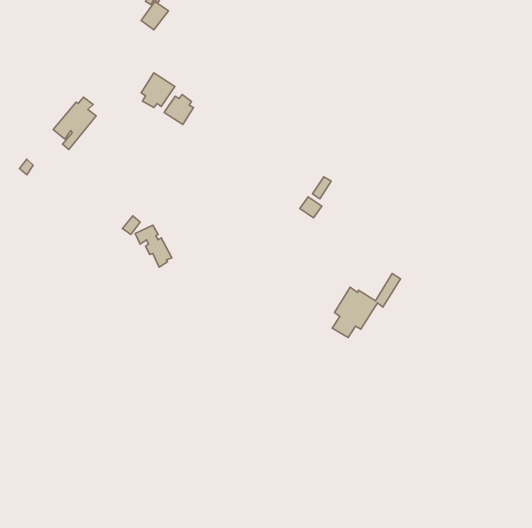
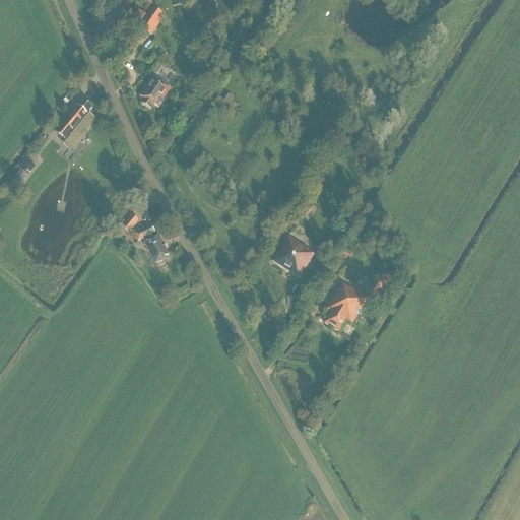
building: [164,94,193,125] -> none
building: none -> [273,234,314,274]

